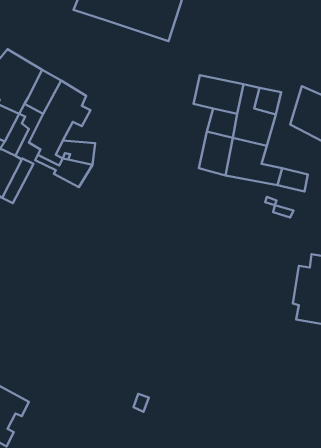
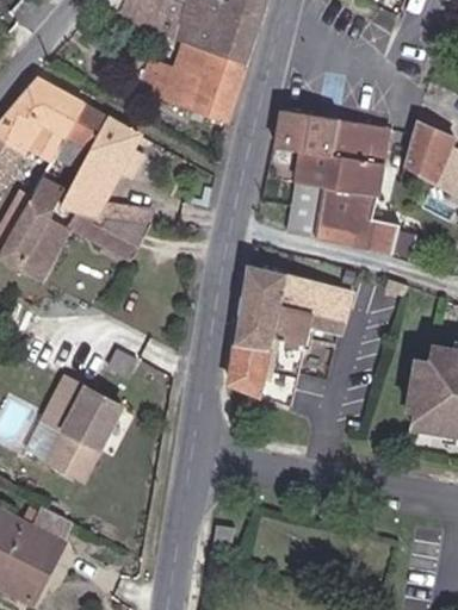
building: none -> [142,33,243,119]
building: none -> [225,268,363,409]
building: none -> [42,378,117,479]

